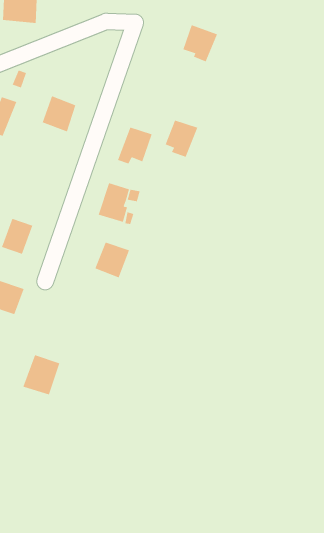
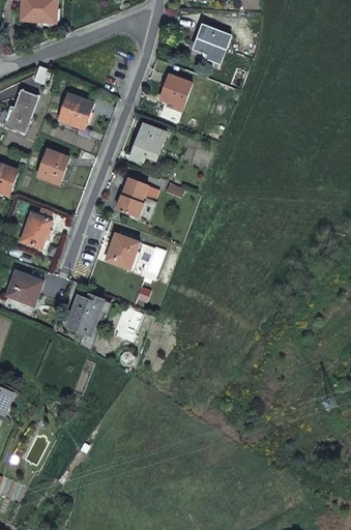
building: [165,120,198,158] -> [158,72,191,109]
building: none -> [37,149,68,182]
building: [23,354,60,395] -> [65,294,101,333]

